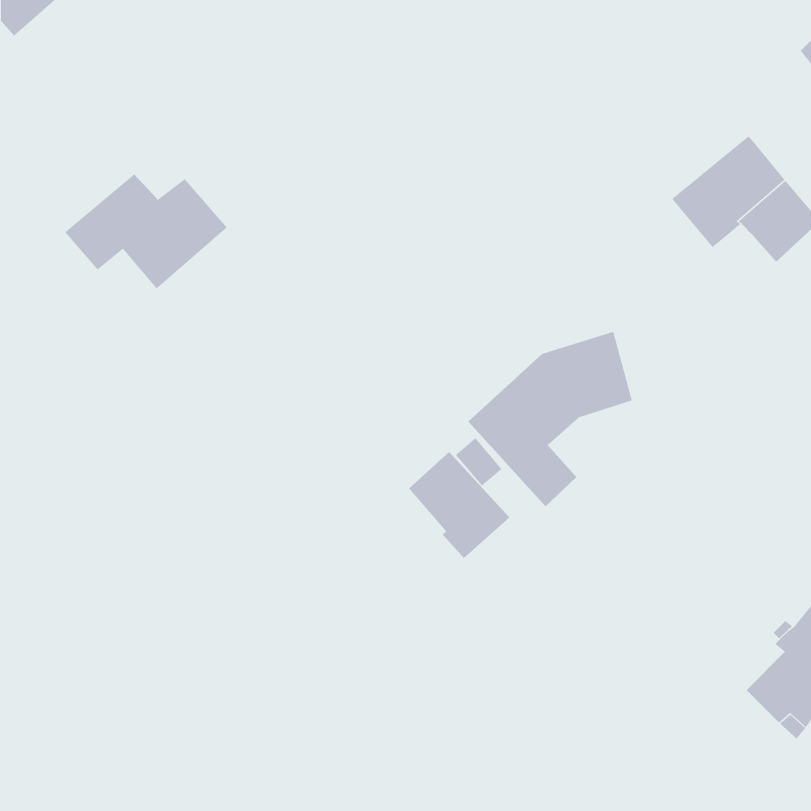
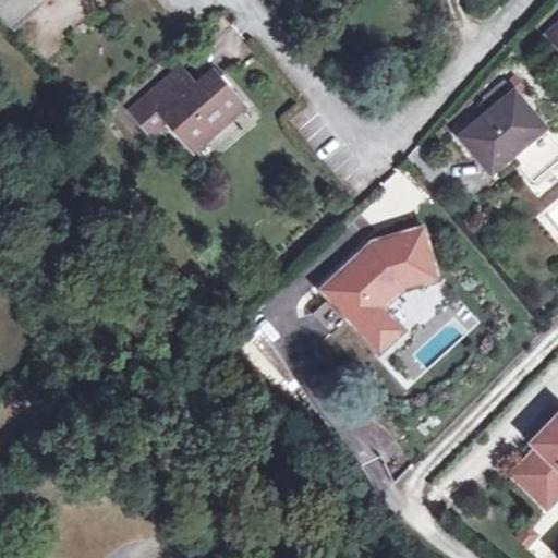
building: [64,173,228,290] -> [130,69,242,148]
building: [408,451,510,559] -> none

